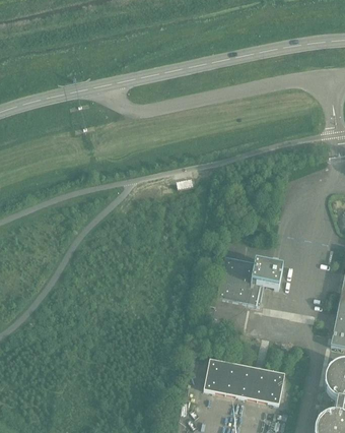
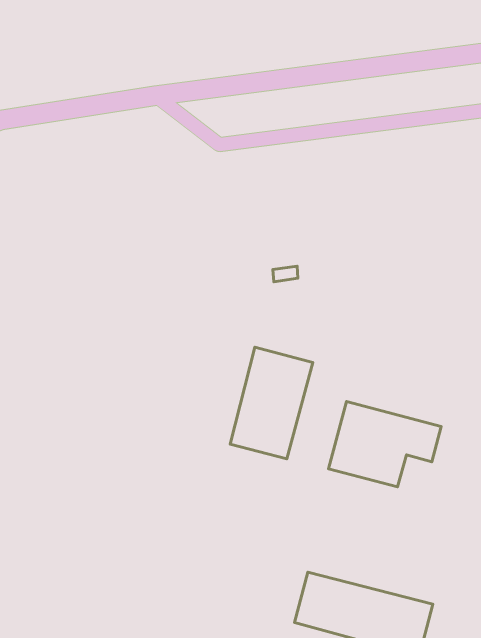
building: none -> [230,347,313,459]

